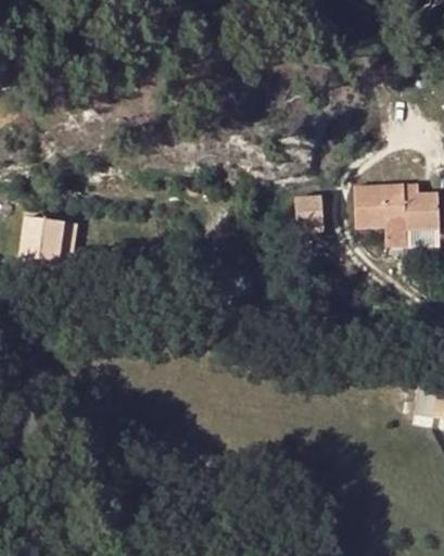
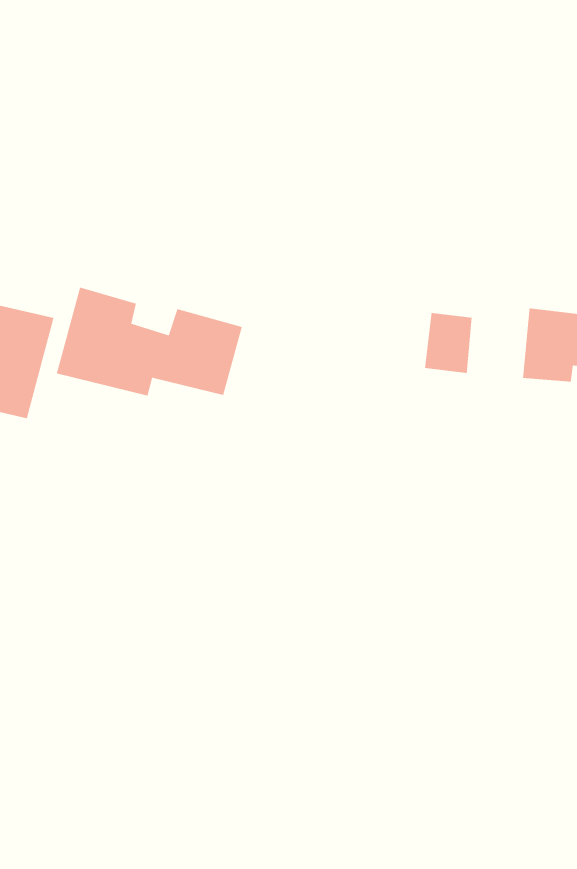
building: none -> [56,287,243,397]

